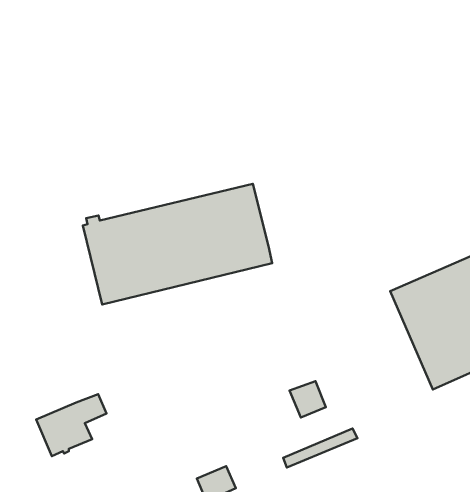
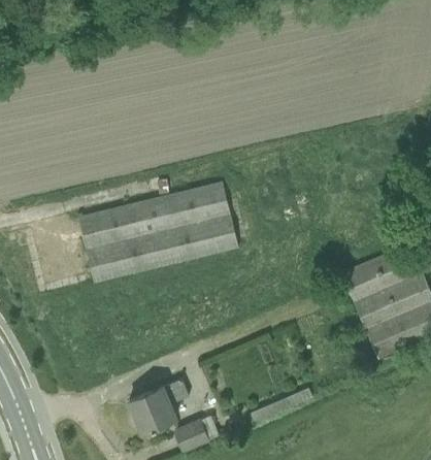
building: [290,381,326,418] -> none
building: [36,394,107,456] -> [130,380,190,432]

